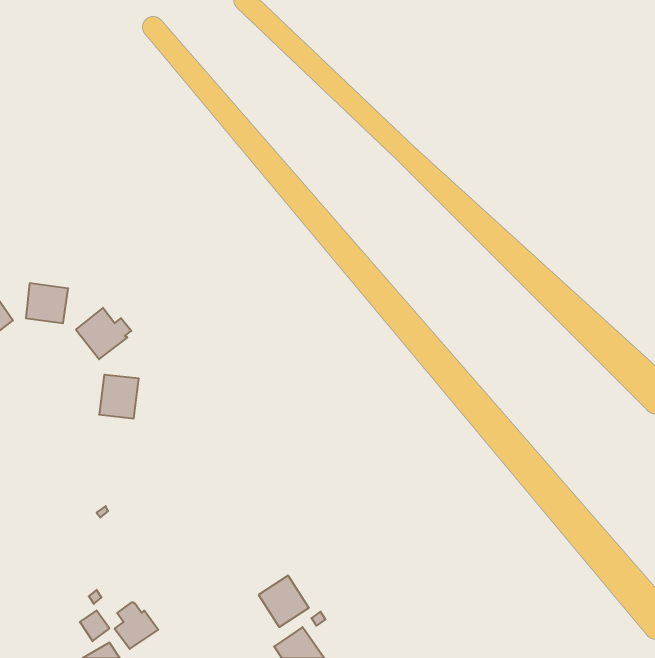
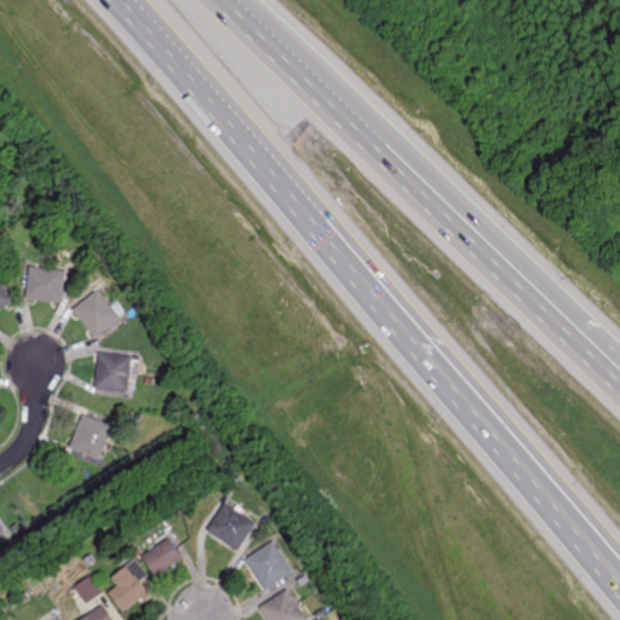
building: none -> [69,415,111,460]
building: none -> [206,504,254,552]
building: none -> [143,539,182,575]

